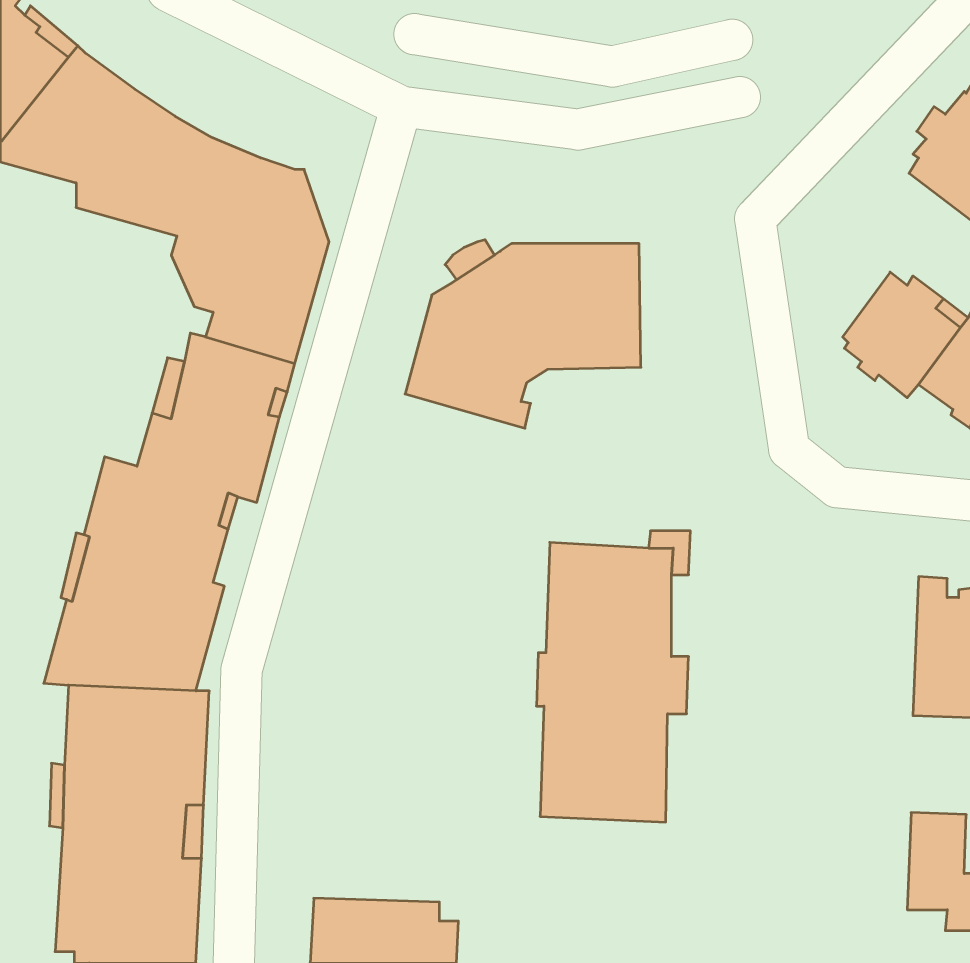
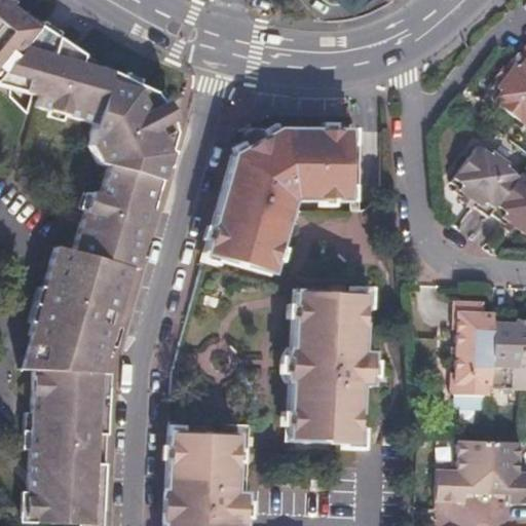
building: none -> [208,213,285,275]
building: none -> [453,300,497,392]
building: none -> [171,436,239,487]
building: none -> [439,438,493,501]

